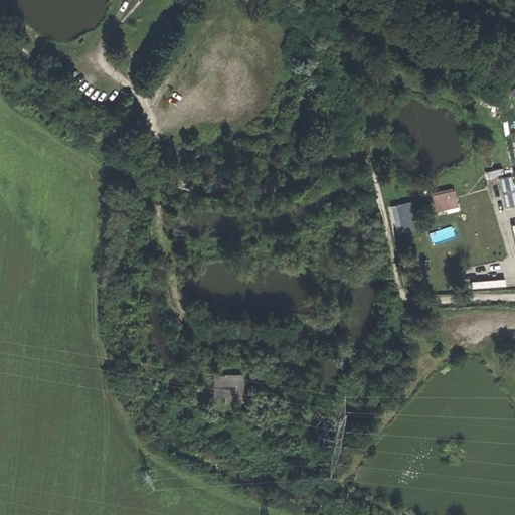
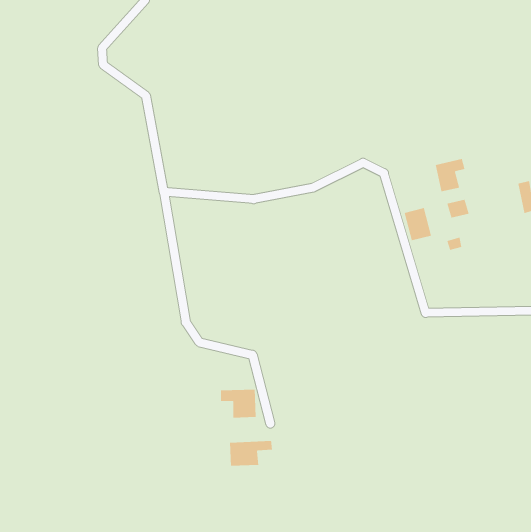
building: none -> [435,158,465,192]
building: none -> [229,440,272,467]

